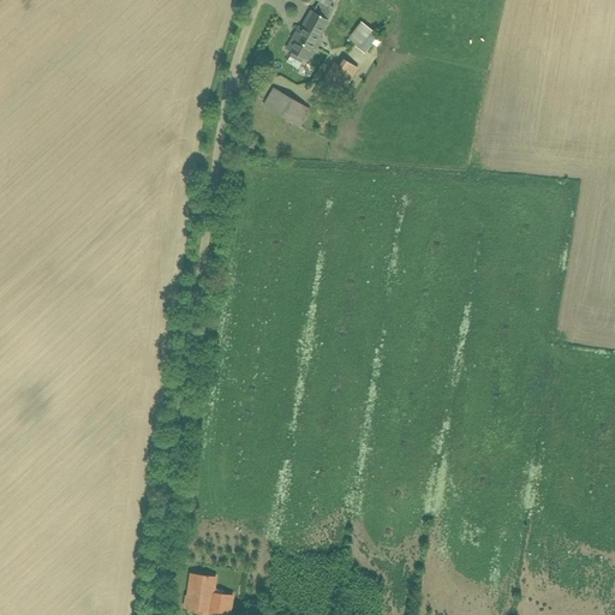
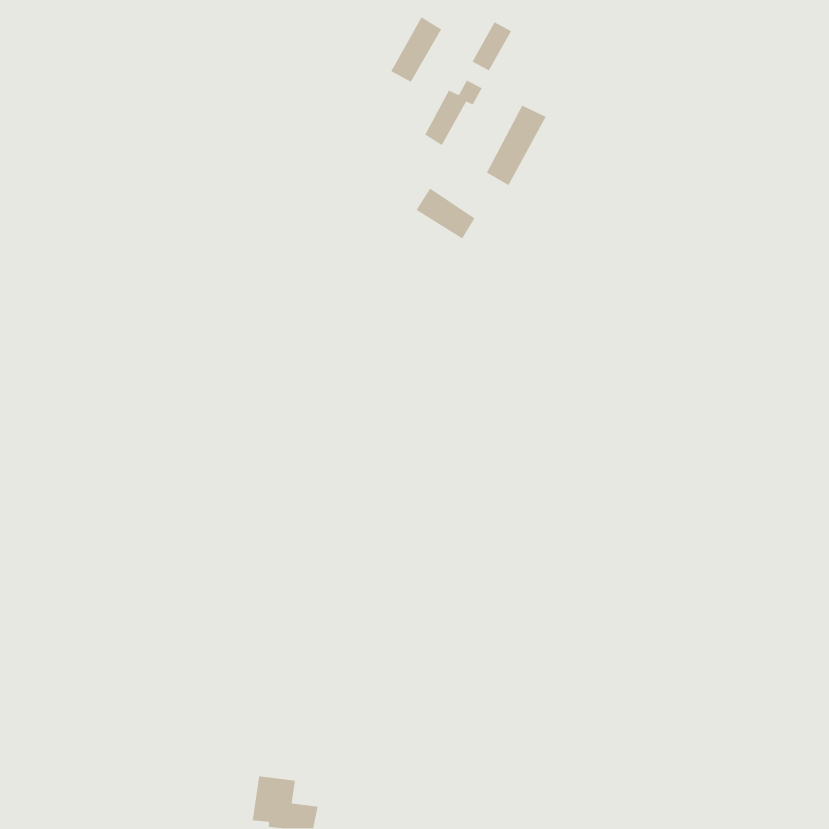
building: none -> [486,105,547,186]
building: [262,88,306,126] -> [415,187,475,239]

